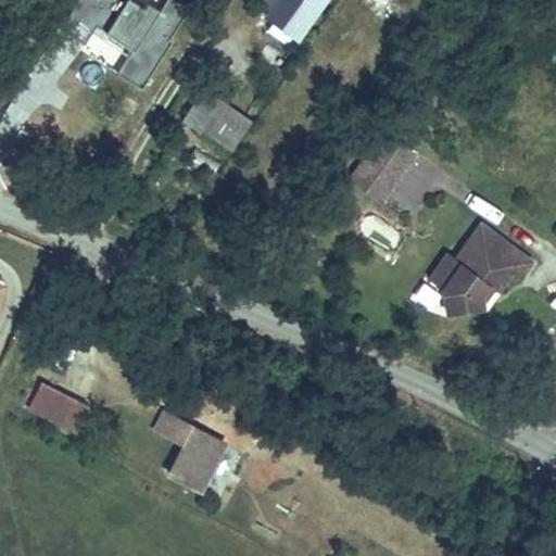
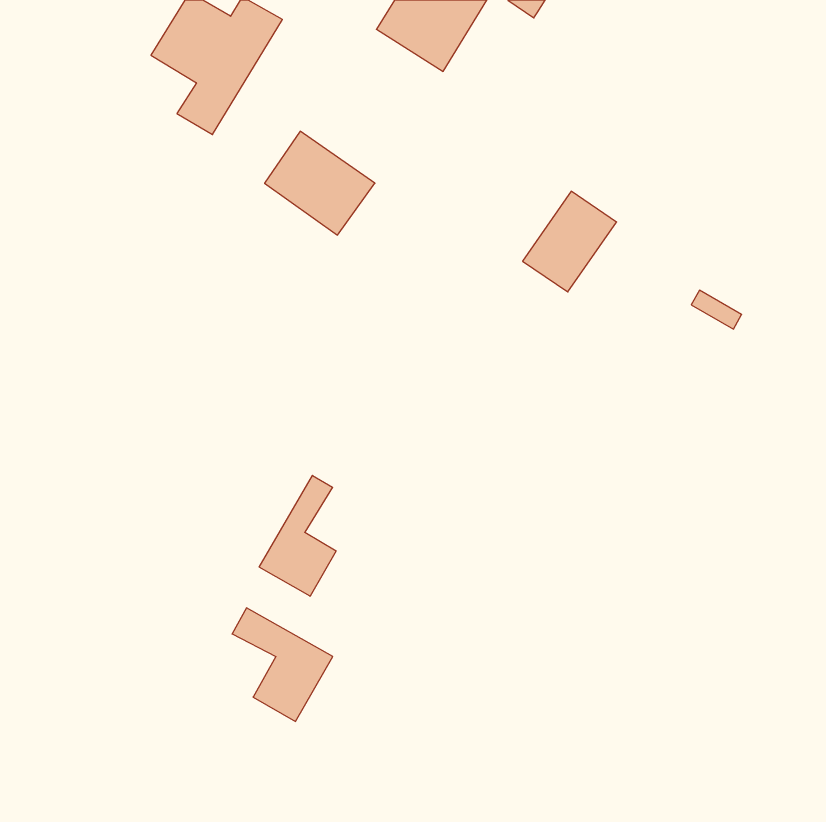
building: [432,220,534,309] -> none
building: none -> [259,475,336,596]
building: [25,375,83,427] -> none

